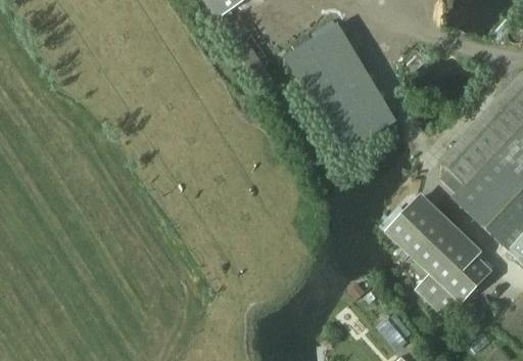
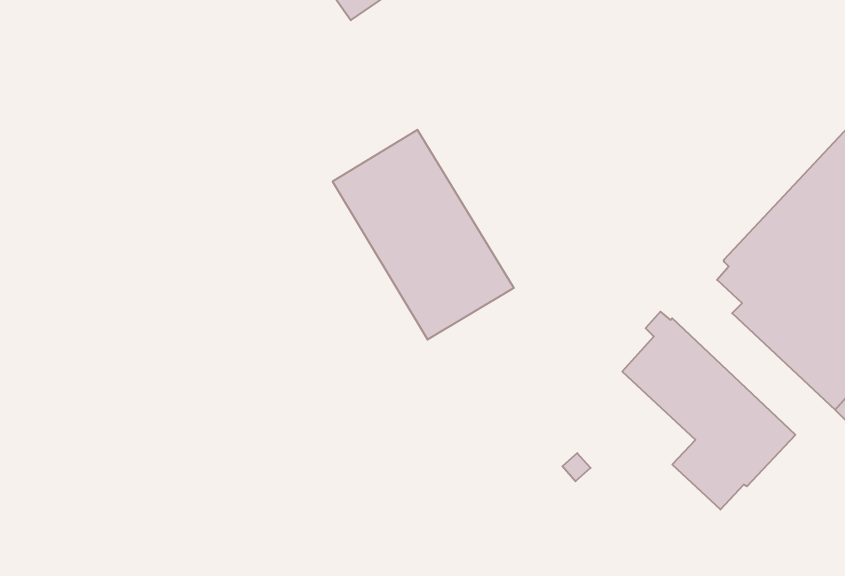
building: [285,21,396,150] -> [333,130,514,340]

